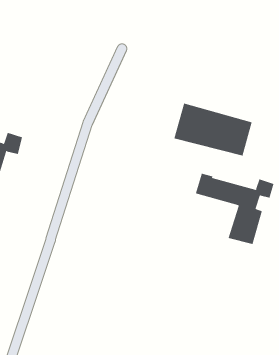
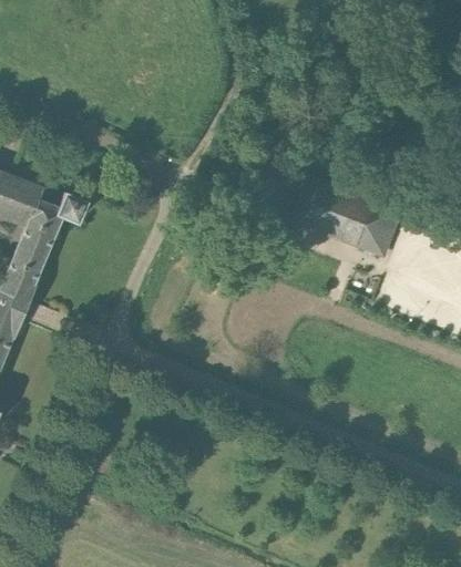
building: [195,173,274,245] -> none

